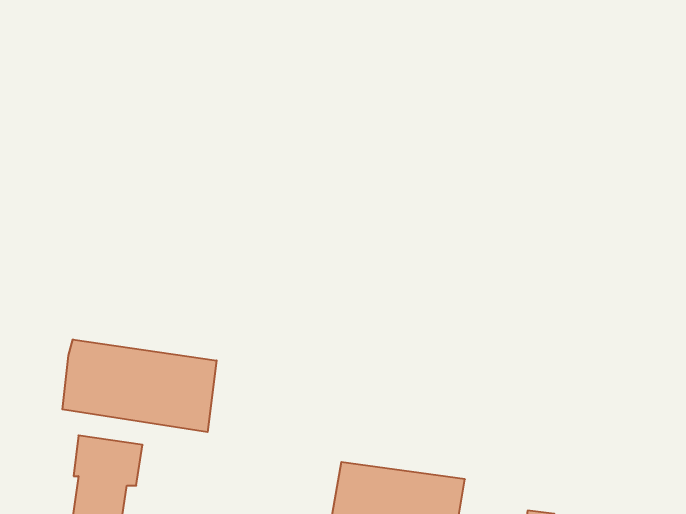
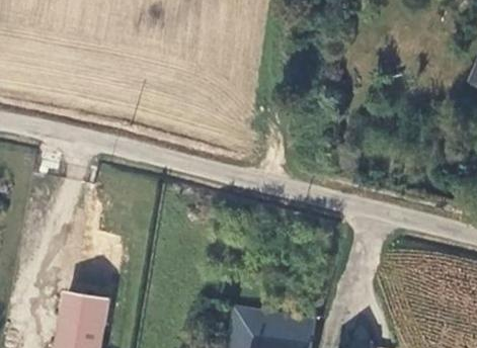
building: [62,339,217,432] -> none

